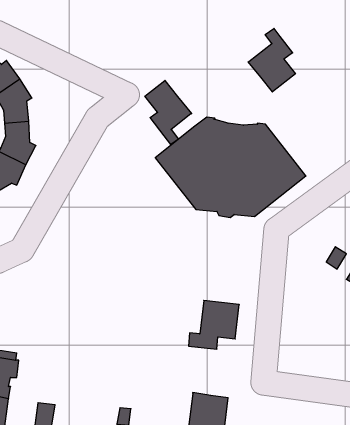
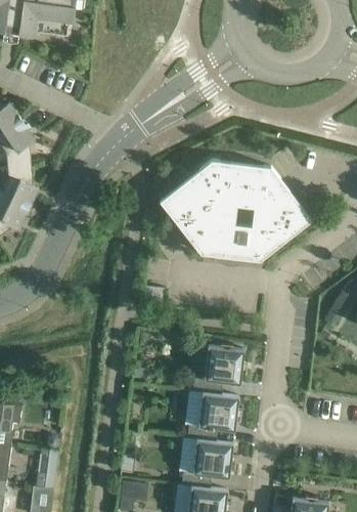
building: [248,28,295,92] -> none
building: [145,80,192,145] -> none
building: none -> [186,392,238,441]

